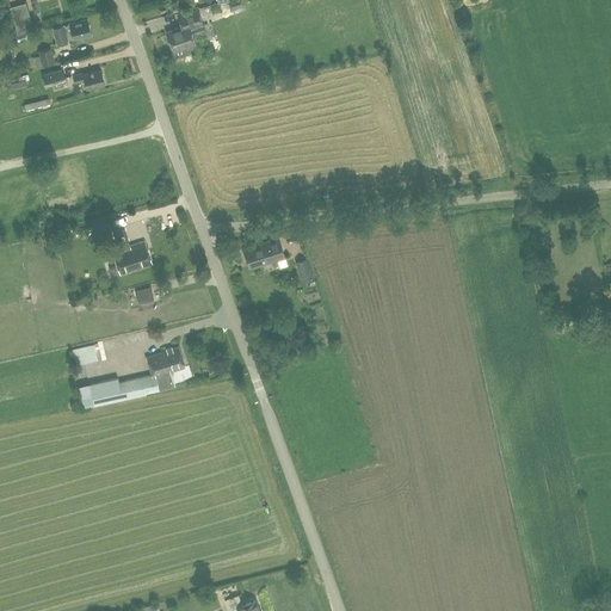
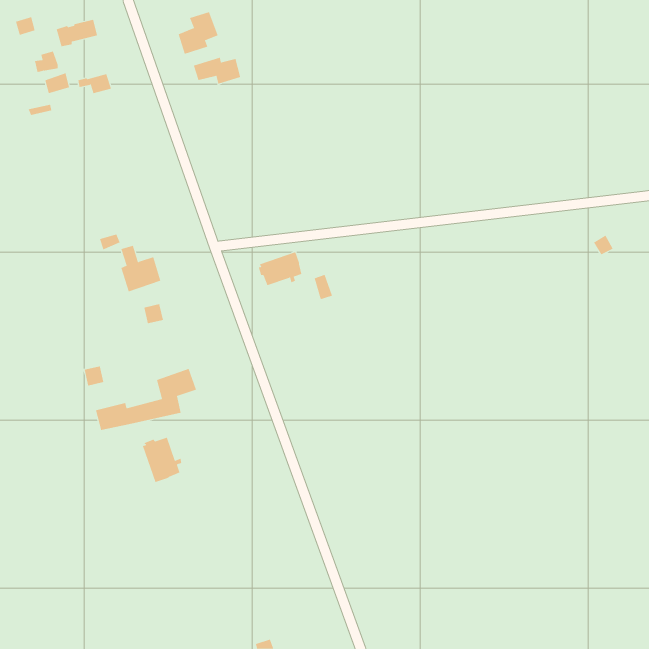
building: none -> [193,57,241,85]
building: none -> [142,437,182,483]

